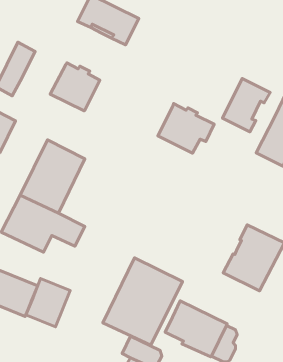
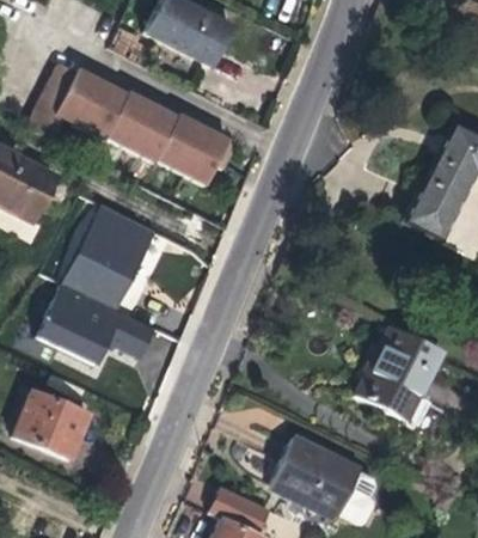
building: none -> [63,69,129,140]
building: [222,78,270,132] -> none
building: [158,104,214,153] -> [157,114,238,185]
building: [103,258,183,345] -> none
building: [26,279,70,327] -> none

